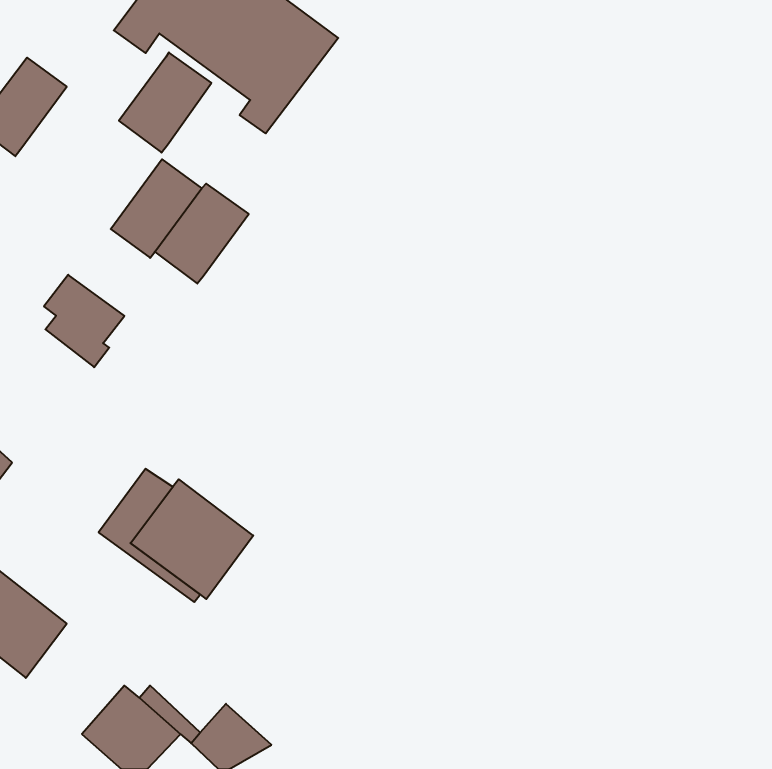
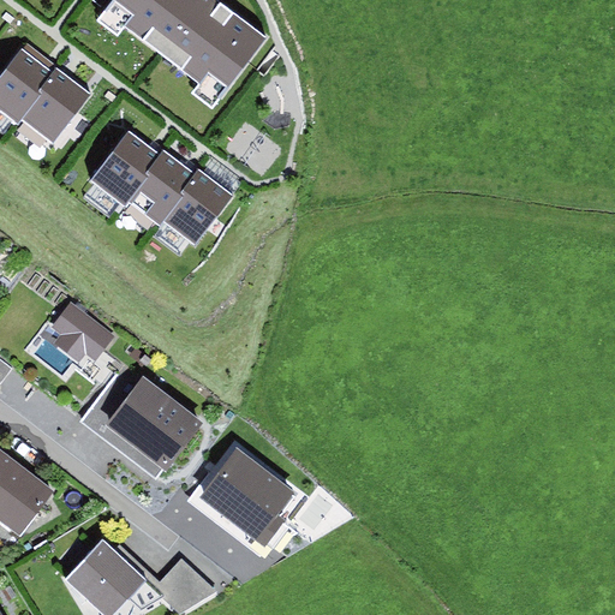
building: [119,52,211,153] -> [16,65,89,144]
building: none -> [161,166,235,244]
building: [44,275,124,367] -> [49,300,113,374]
building: none -> [195,449,294,551]

